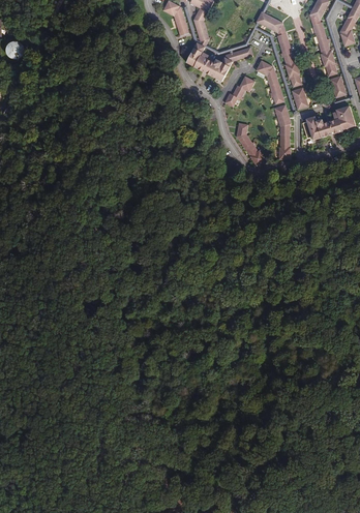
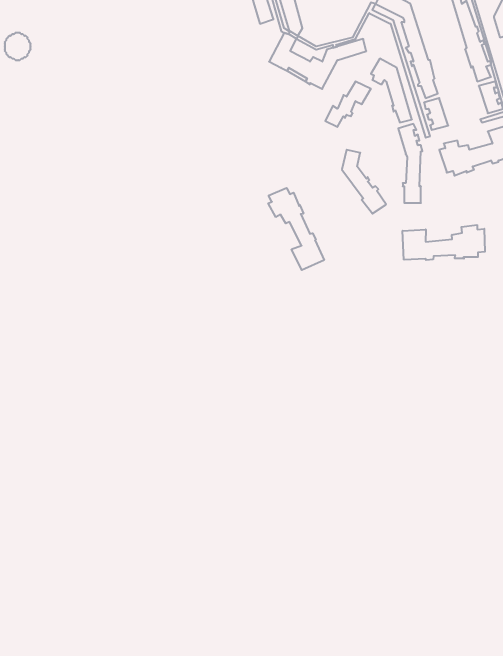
building: none -> [268,188,324,270]
building: none -> [403,225,485,260]

